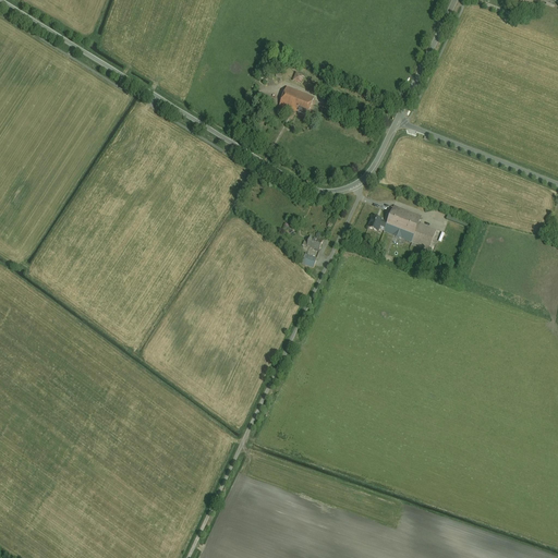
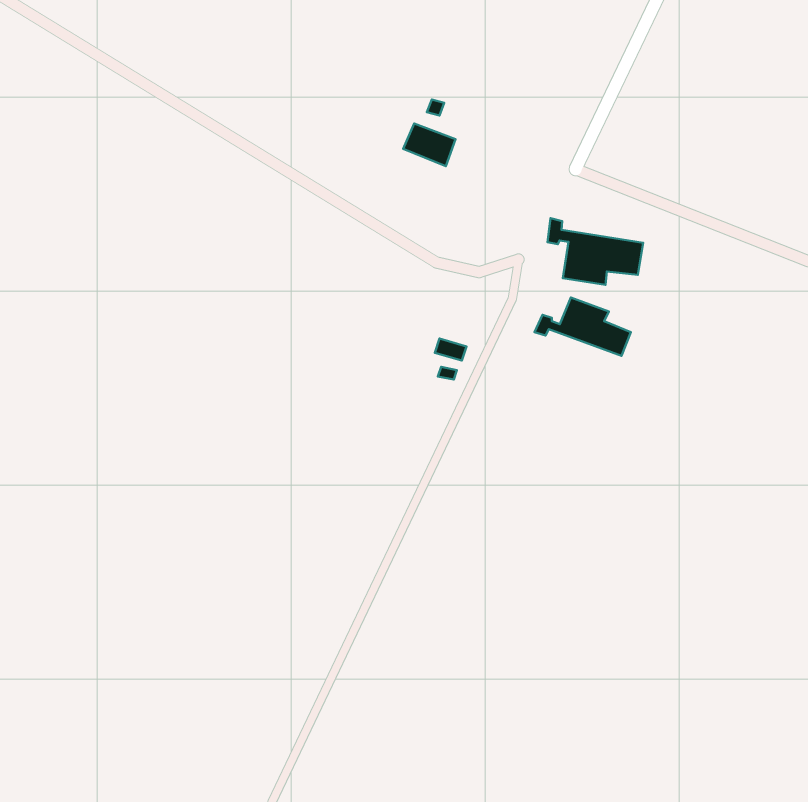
building: none -> [547,218,643,285]

